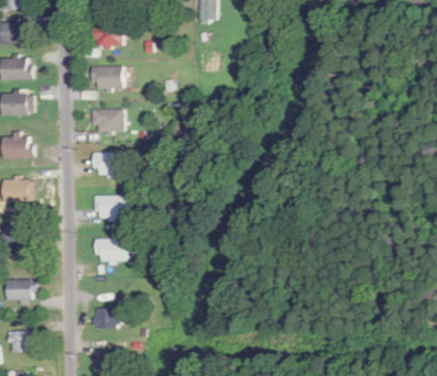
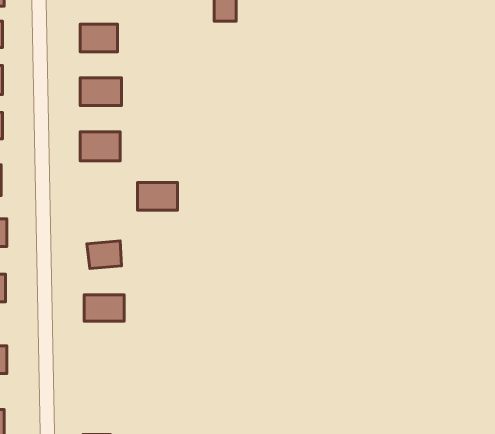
building: [92,152,124,174] -> [137,182,177,210]
building: [94,308,118,328] -> none

